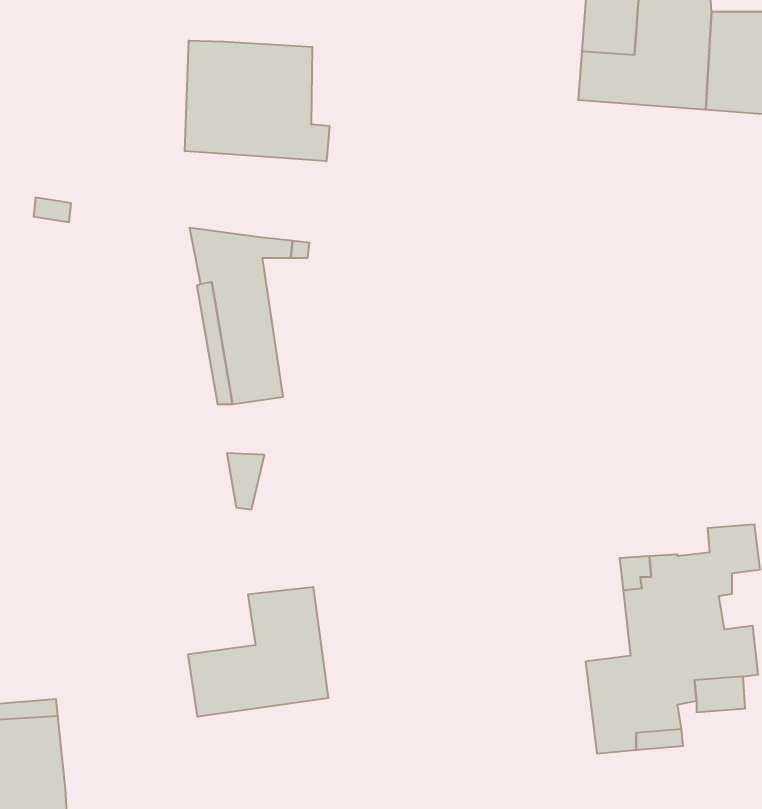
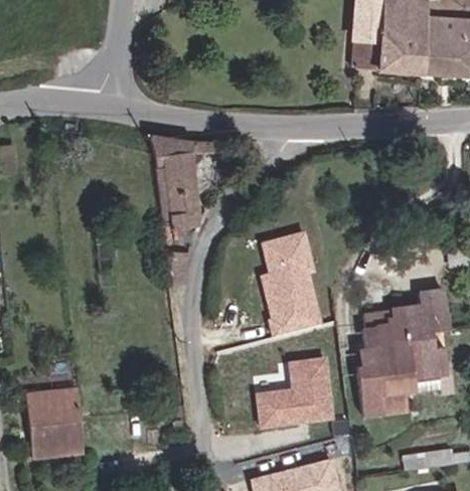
building: [185,40,329,161] -> none
building: none -> [262,229,320,333]
building: [188,587,329,717] -> [257,355,332,425]

